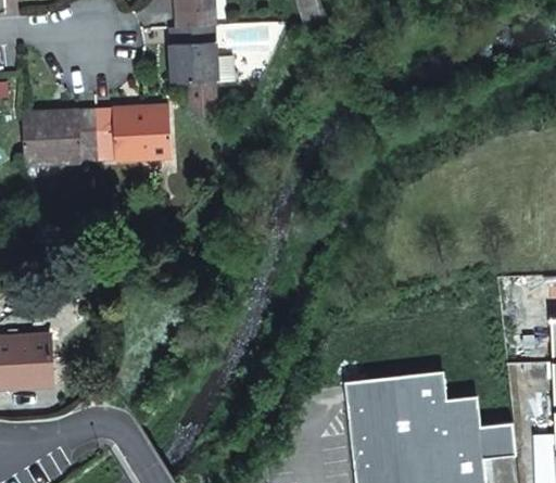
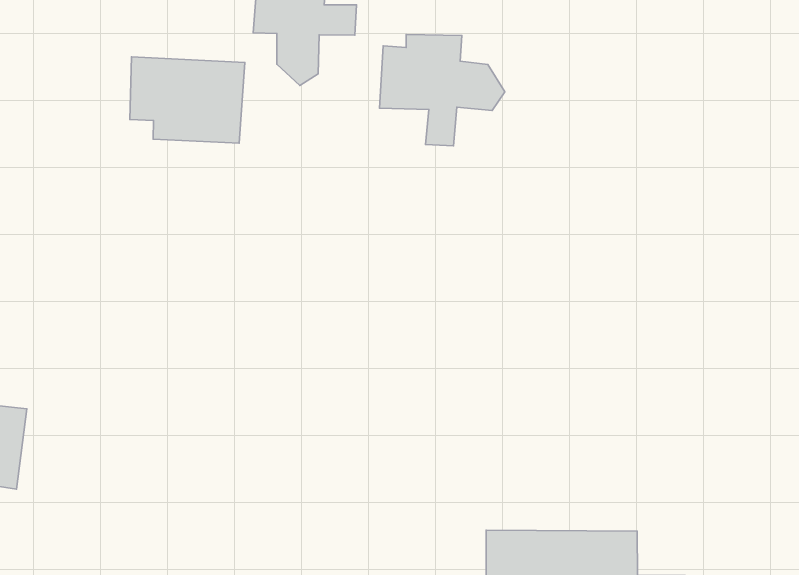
building: none -> [380,35,505,146]
building: [17,106,96,162] -> none

